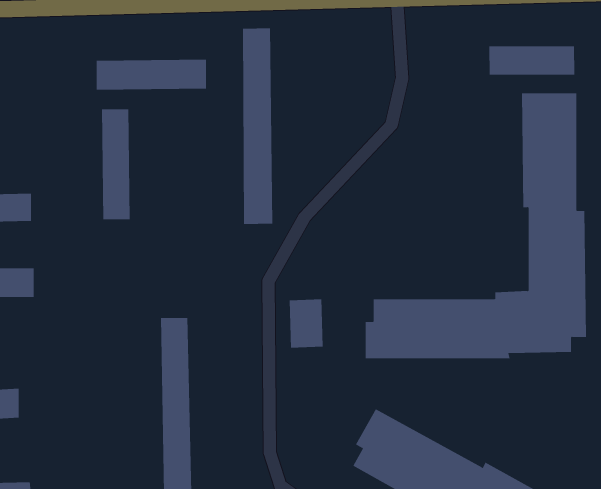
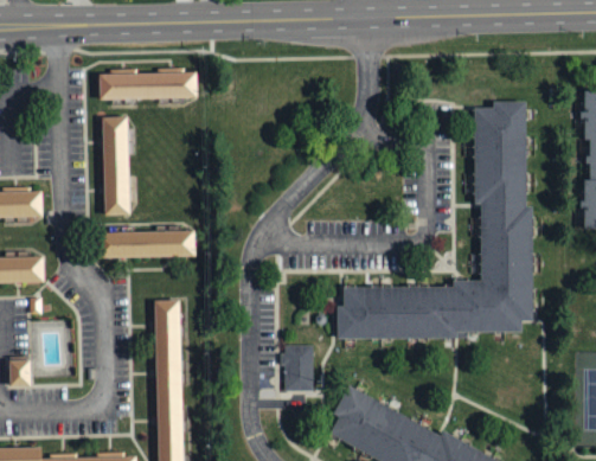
building: [243,27,273,225] -> none
building: [489,45,575,76] -> none
building: none -> [97,231,196,257]
building: [289,299,323,348] -> [283,346,314,390]

